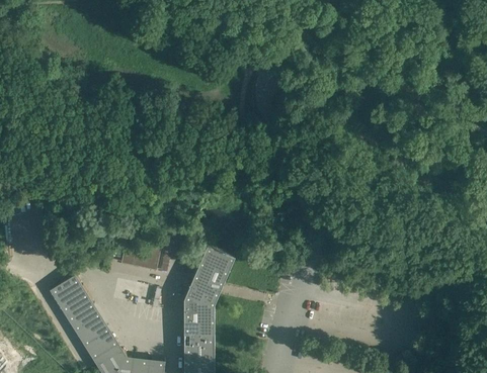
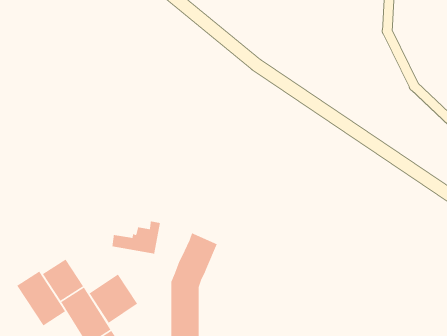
building: none -> [16,271,66,326]
building: none -> [88,273,138,324]

